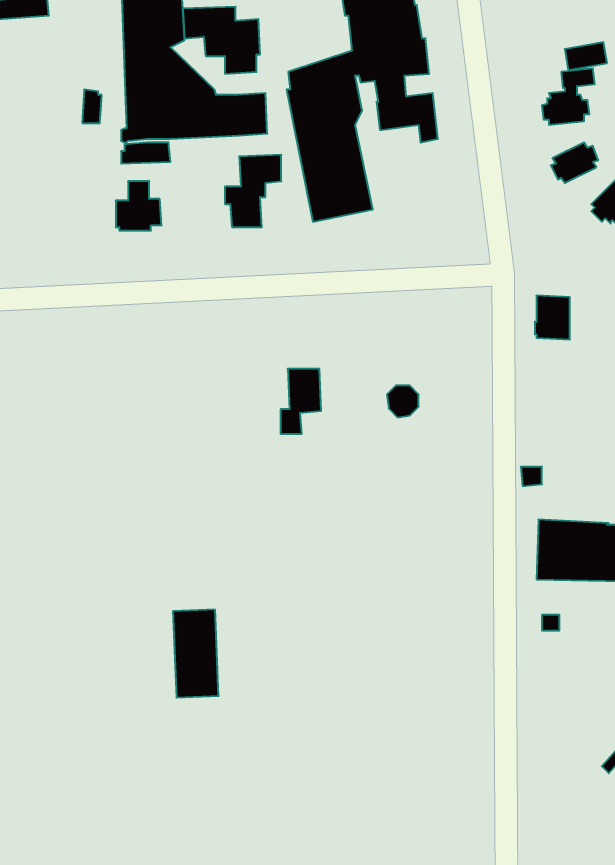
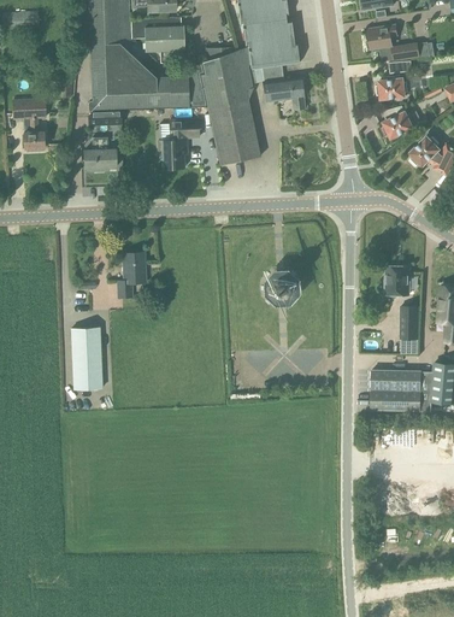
building: none -> [368,24,397,60]
building: none -> [12,96,46,149]
building: [535,296,570,340] -> [385,264,409,294]
building: [281,369,321,434] -> [118,252,146,296]
building: none -> [401,305,419,337]
building: [173,610,219,698] -> [71,328,102,388]

